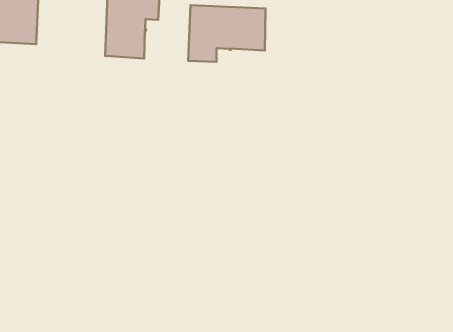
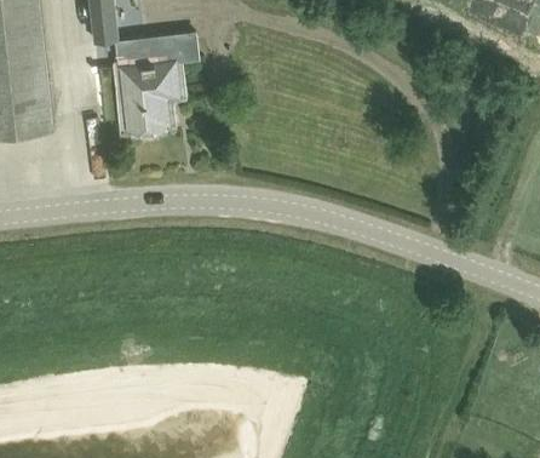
building: [188,5,265,62] -> none

